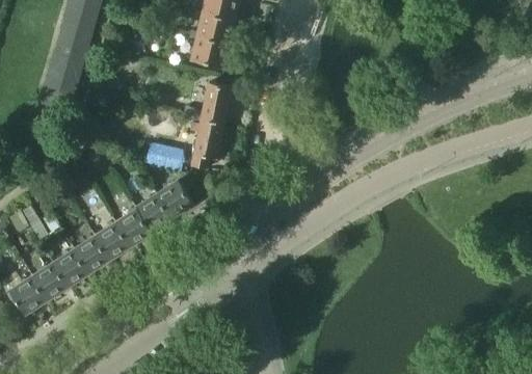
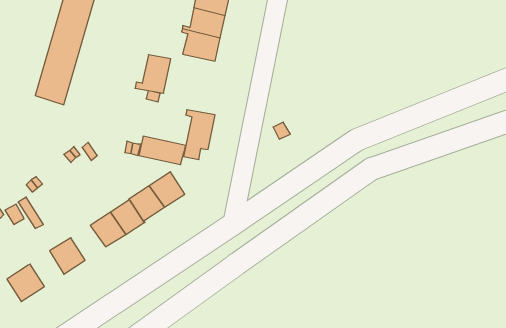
building: [194,82,231,122] -> [135,55,171,93]
building: [76,235,111,270] -> none
building: [27,261,69,297] -> none

